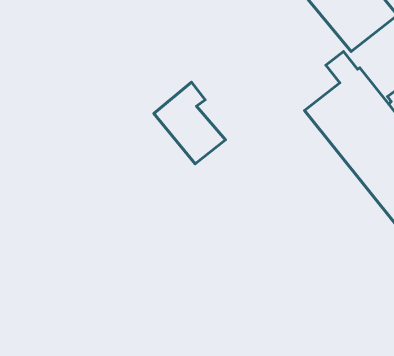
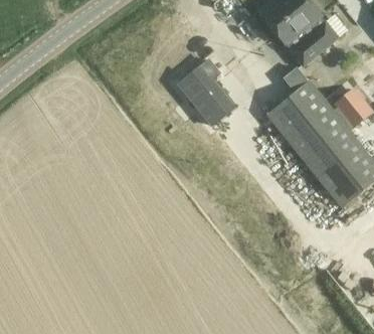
building: [154,82,225,164] -> [178,58,235,124]

